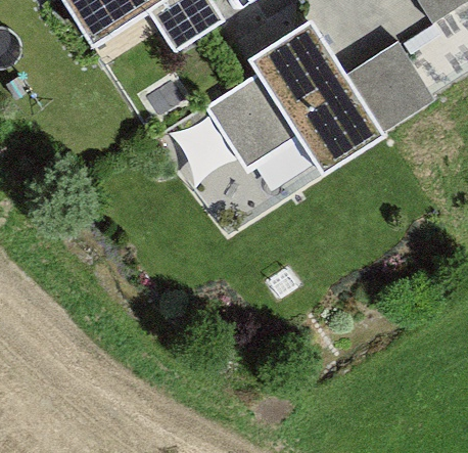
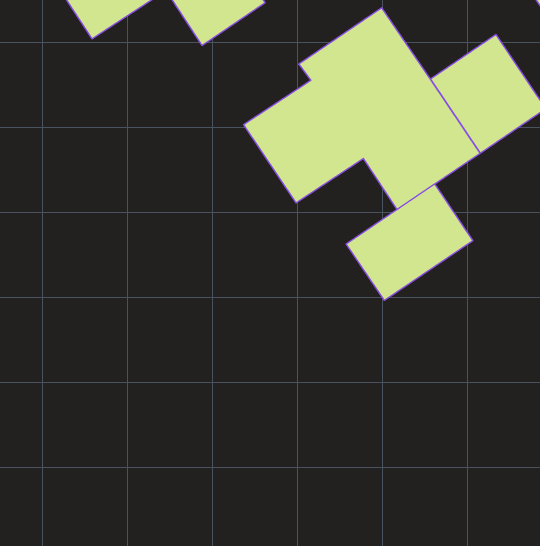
building: none -> [346,184,473,300]

